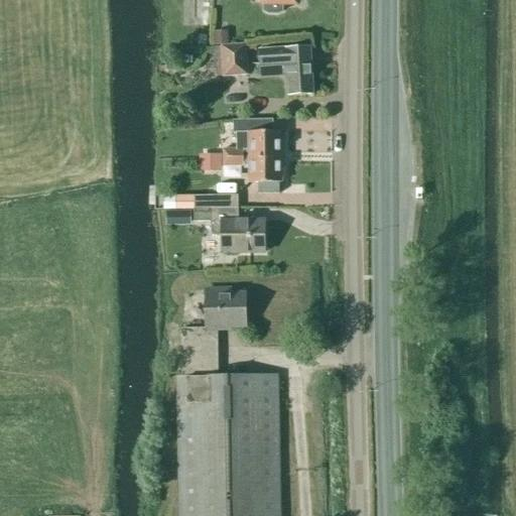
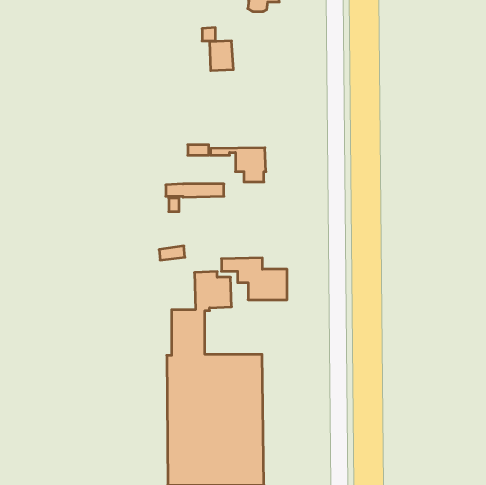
building: [260,45,313,95] -> none
building: [224,118,281,157] -> none
building: [195,208,264,252] -> [221,258,287,300]

